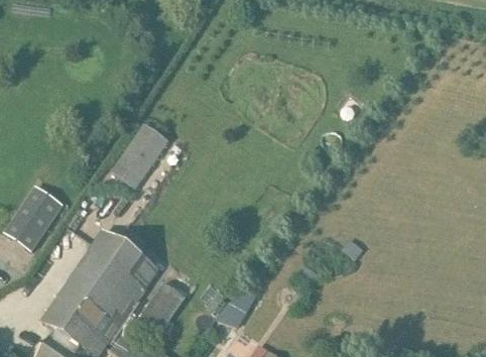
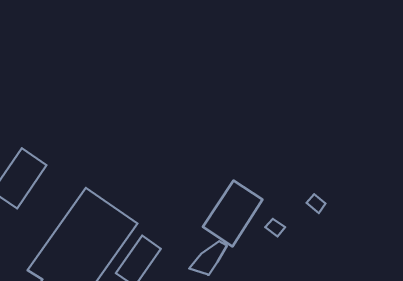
building: [111,122,167,186] -> none
building: none -> [203,181,263,246]

